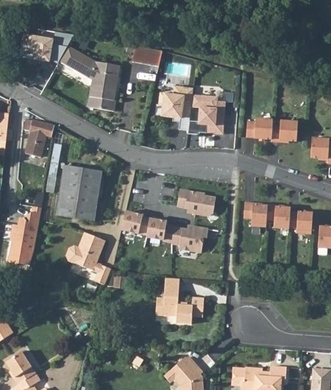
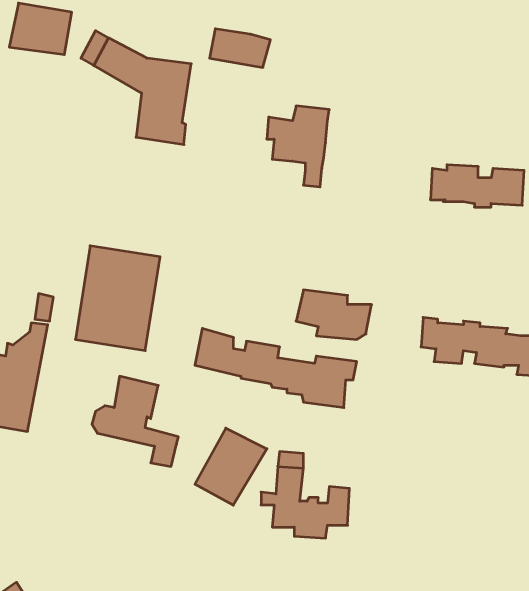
building: [187,96,225,136] -> none
building: [23,118,52,157] -> none
building: none -> [195,428,267,505]

